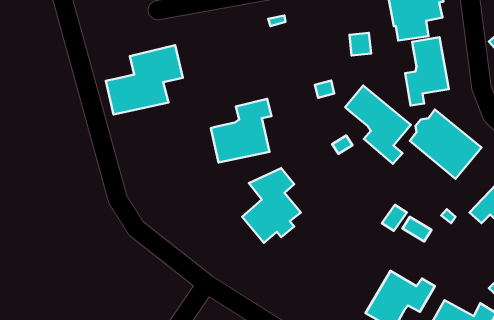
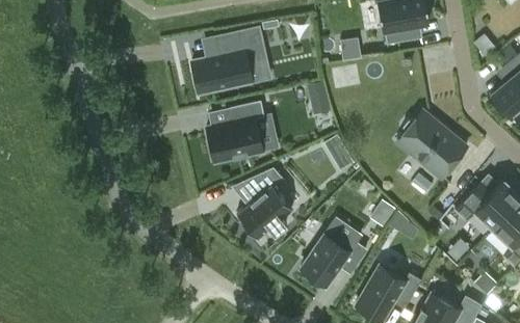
building: [405,37,449,106] -> none
building: [106,45,183,115] -> [191,27,265,93]
building: [345,86,411,164] -> none
building: none -> [301,227,365,286]

